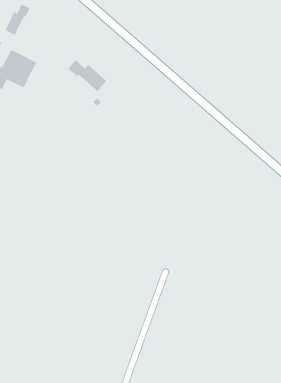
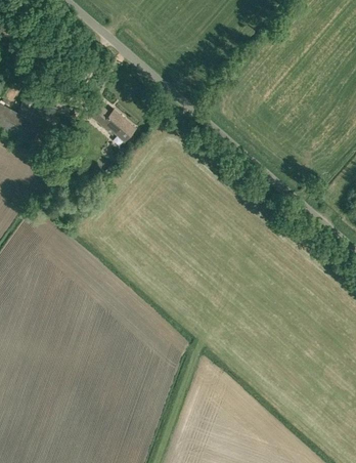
building: [5,4,30,36] -> none

